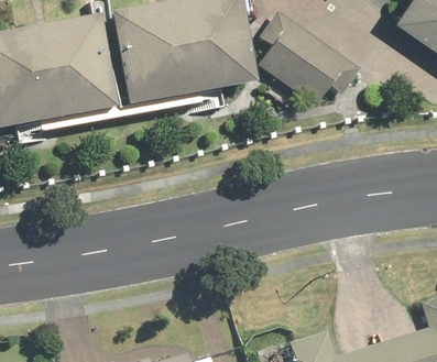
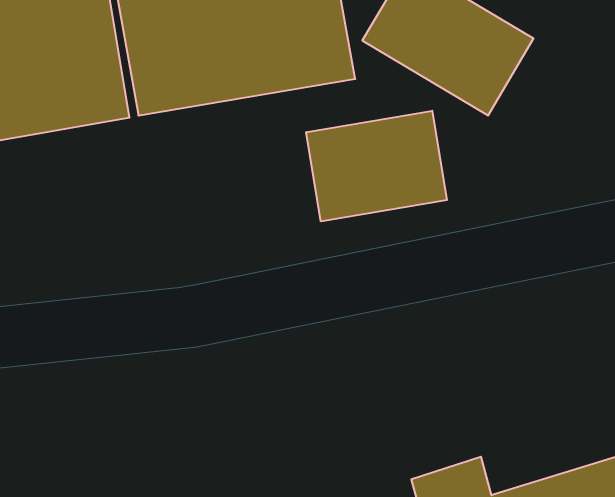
building: none -> [306,111,447,221]

